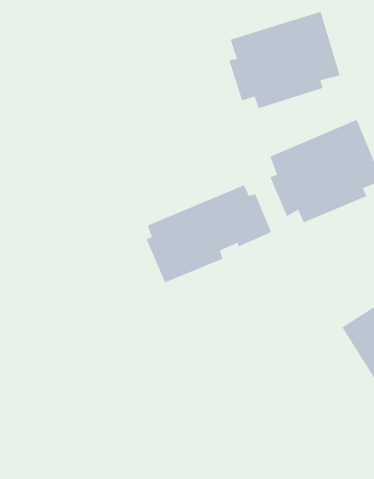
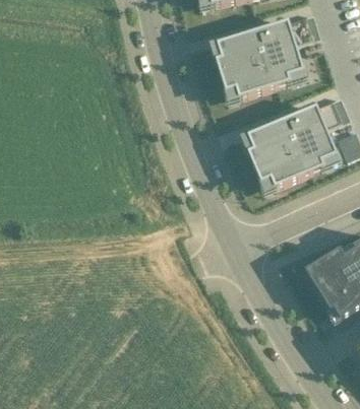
building: [146,184,272,283] -> none

